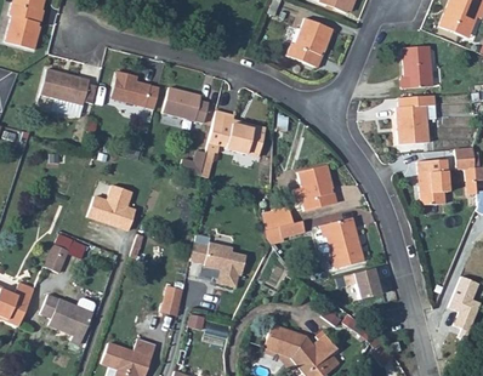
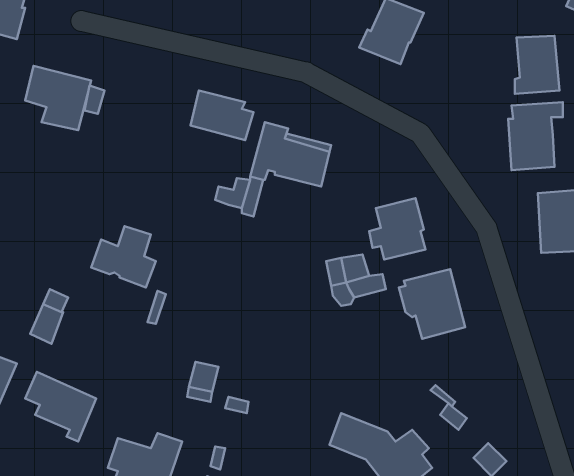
building: [110,70,159,110] -> none
building: [189,241,242,285] -> none
building: [342,268,385,298] -> none

